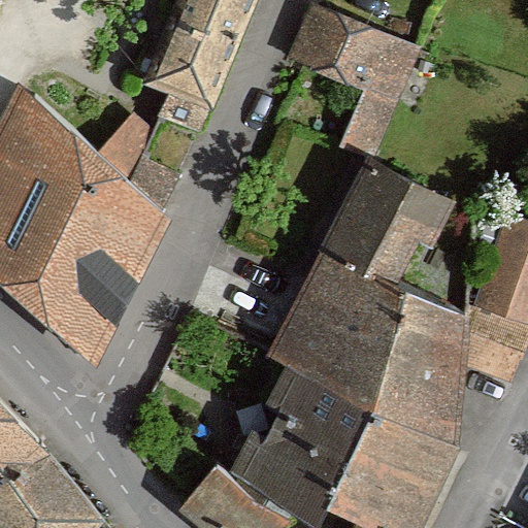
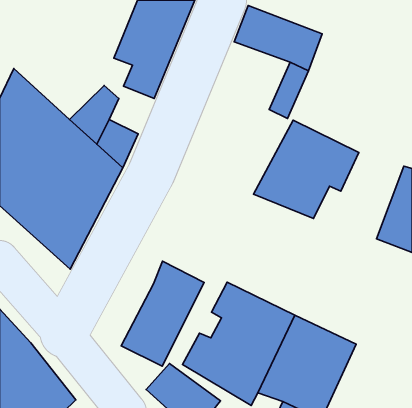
building: [268,254,465,446] -> none
building: none -> [121,261,204,366]

